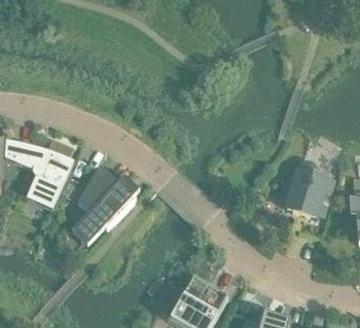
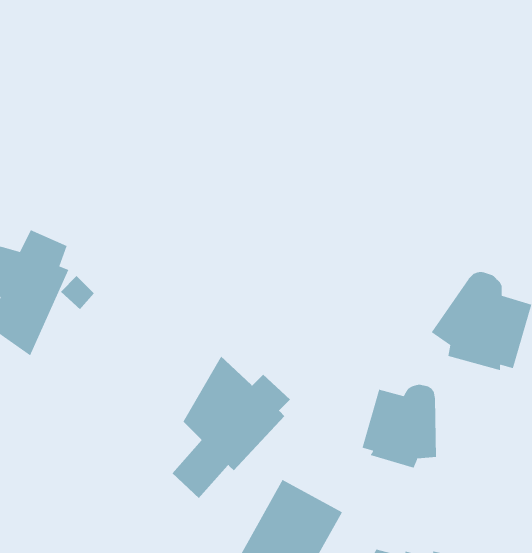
building: [72,165,139,245] -> [171,356,291,499]
building: none -> [362,384,437,469]

